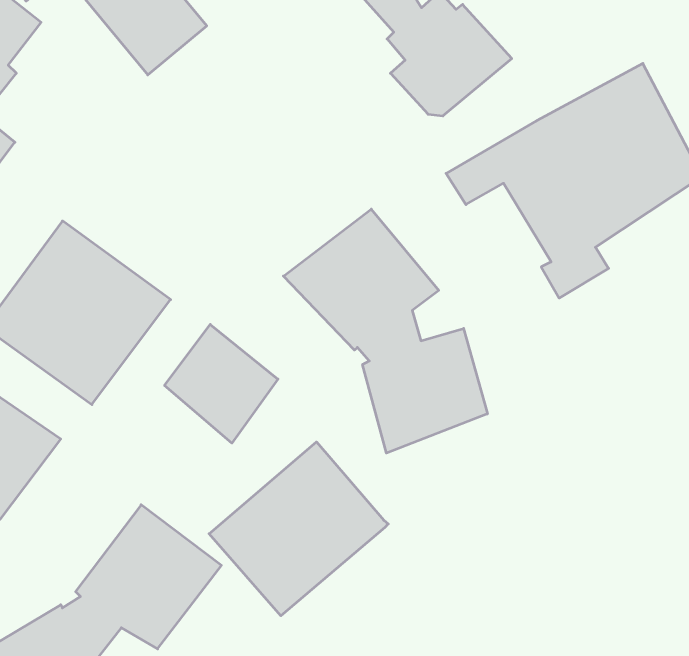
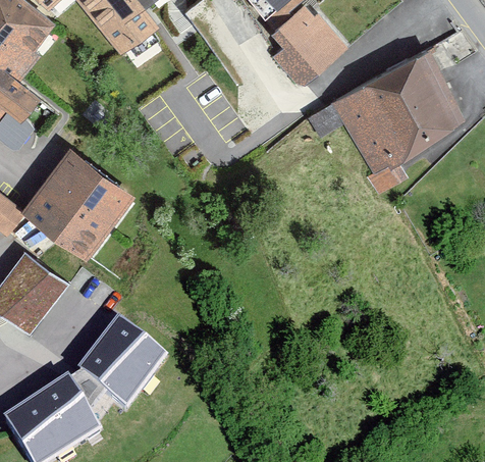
building: [283,209,487,453] -> none
building: [165,324,278,443] -> none
building: [209,442,388,616] -> none

